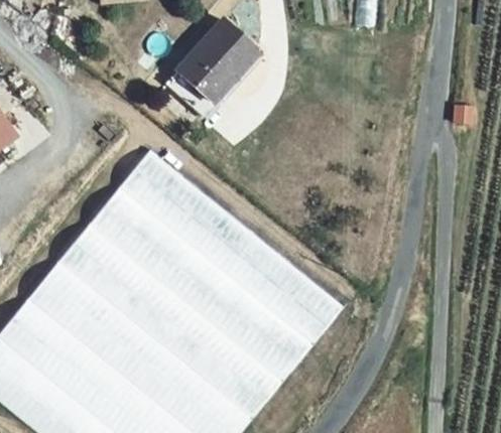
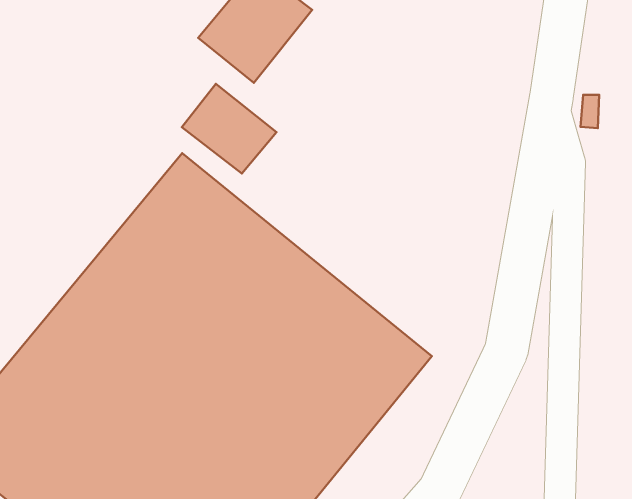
building: none -> [182,84,277,174]

